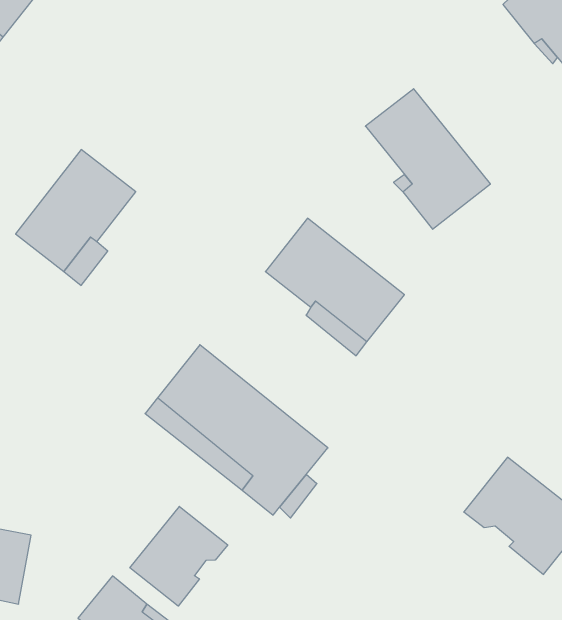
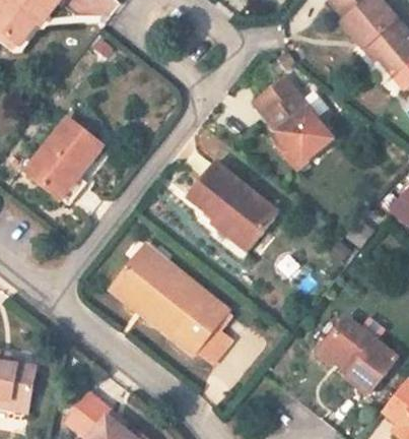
building: [130,506,228,606] -> none

